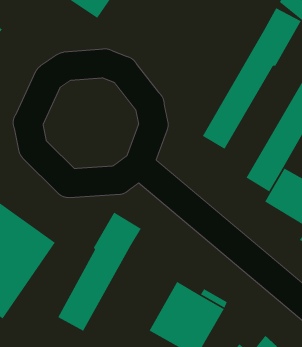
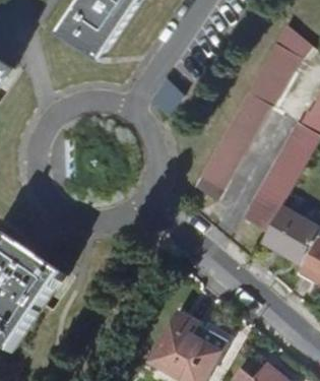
building: [57,211,142,332] -> none

